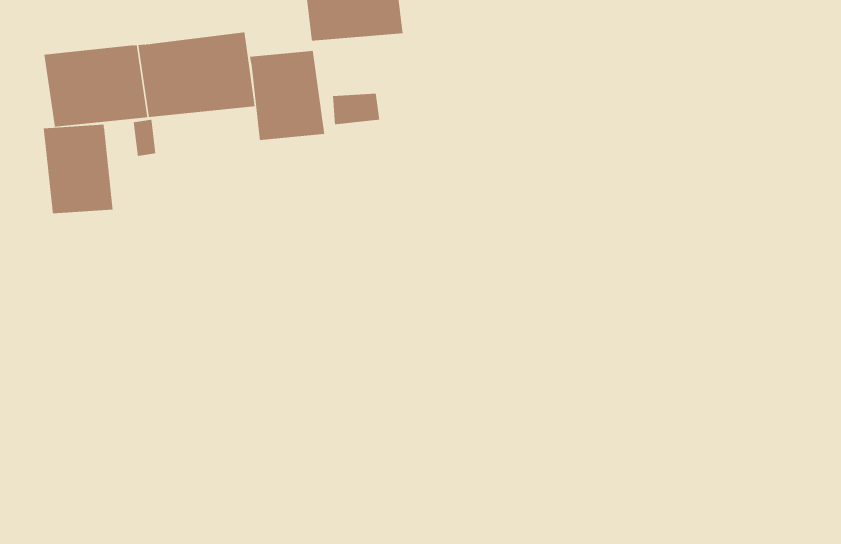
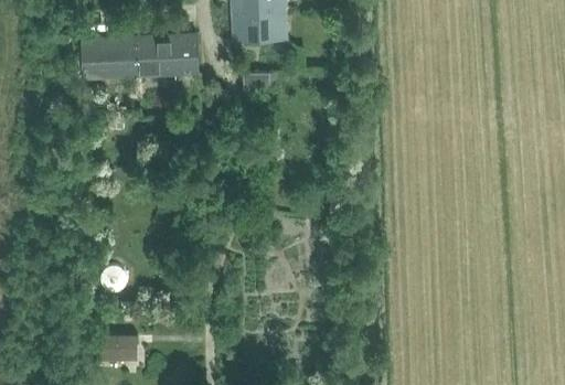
building: [249,50,325,141] -> none
building: [43,124,113,214] -> none

